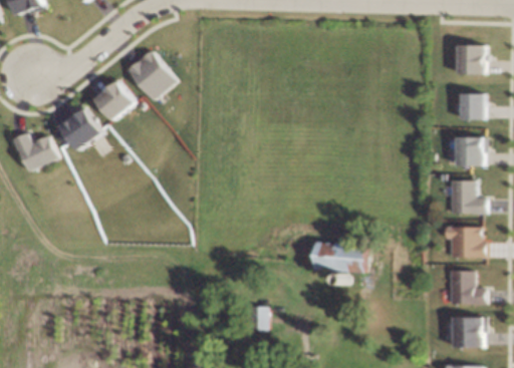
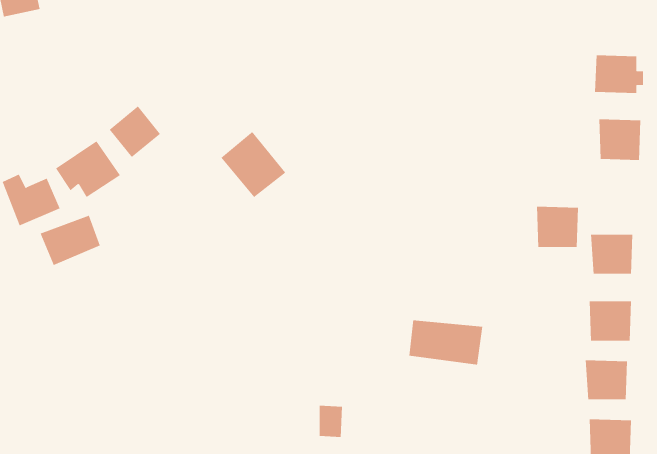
building: [121,50,171,100] -> [221,131,286,198]
building: [455,133,487,164] -> [536,206,579,248]
building: none -> [40,215,101,266]

